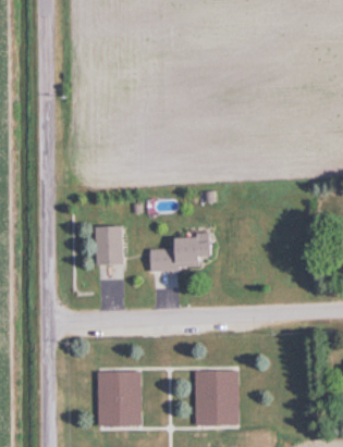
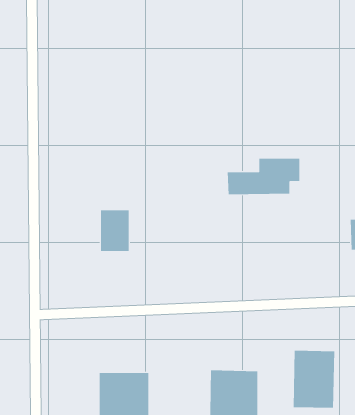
building: [151,236,217,269] -> [227,158,300,195]
building: none -> [293,350,335,409]

